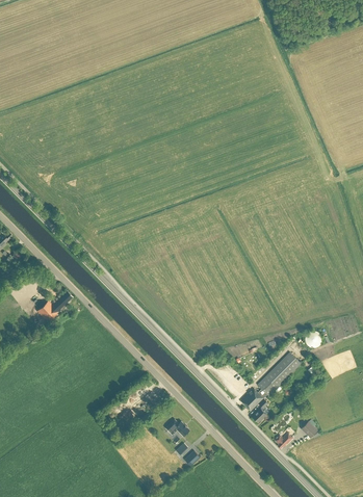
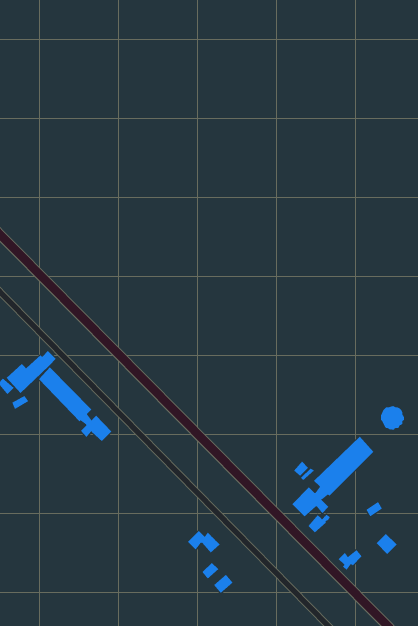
building: none -> [38,367,112,442]

